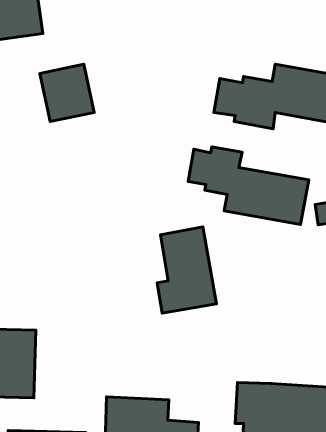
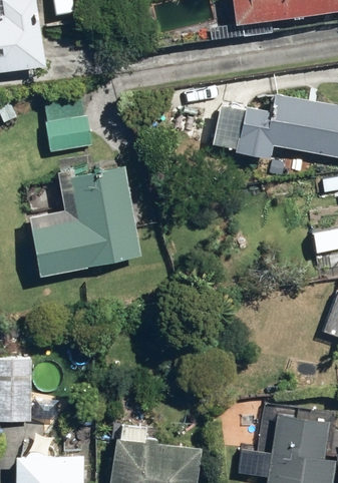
building: none -> [26,164,140,275]
building: [188,147,309,225] -> none
building: [157,227,216,313] -> none

